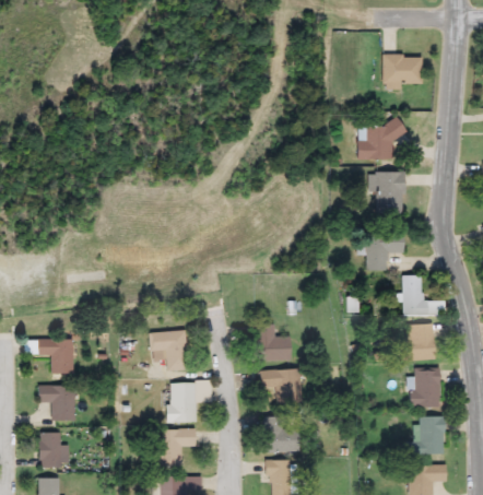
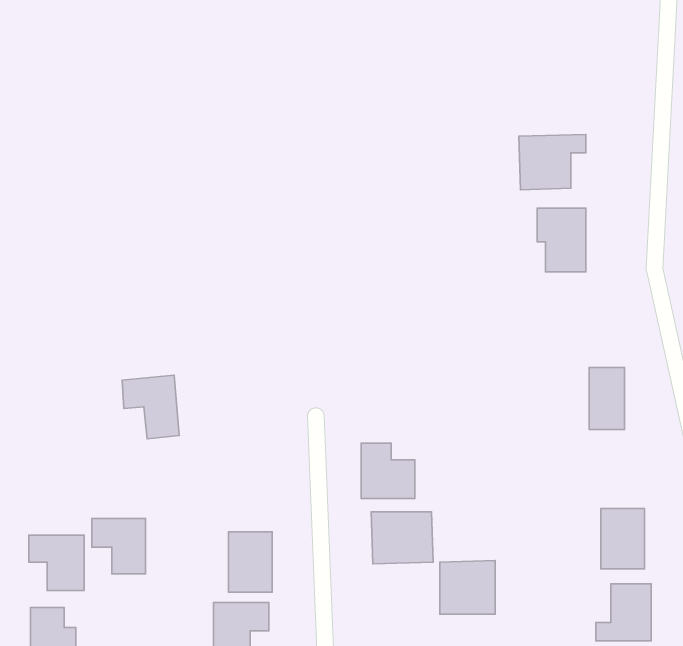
building: [382,56,421,91] -> none
building: [367,234,404,271] -> none
building: [401,325,436,361] -> none
building: [151,330,188,372] -> [122,375,179,439]
building: [38,339,73,375] -> [92,519,145,574]
building: [264,417,301,452] -> [440,561,495,614]

